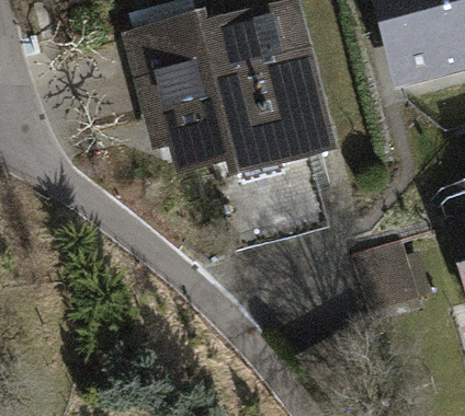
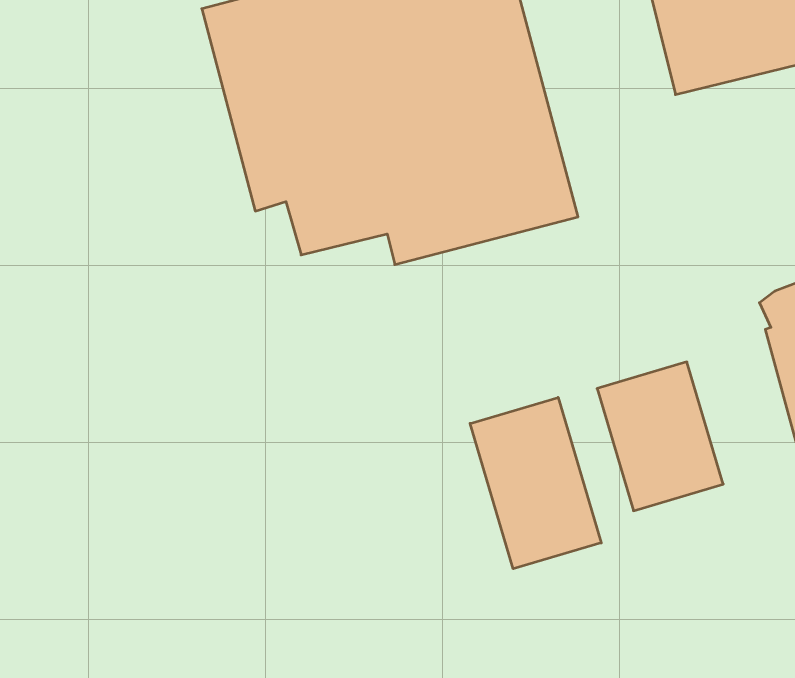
building: none -> [470,397,601,569]

